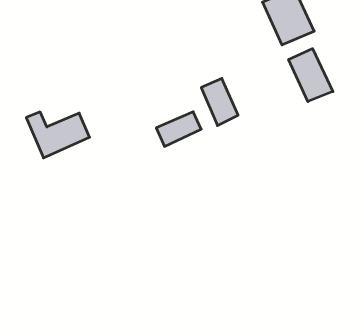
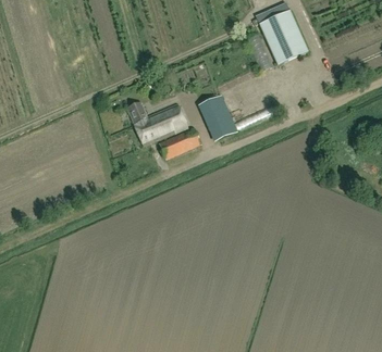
building: [289,49,333,102] -> none
building: [26,112,90,158] -> [127,102,187,146]

